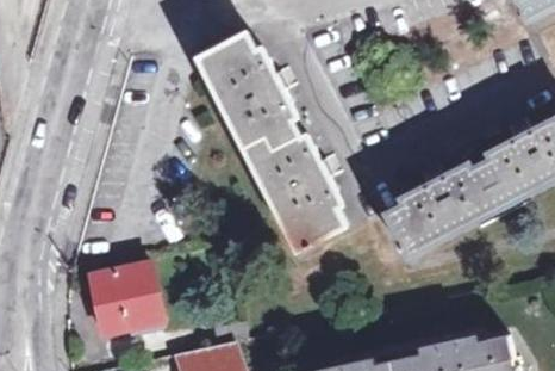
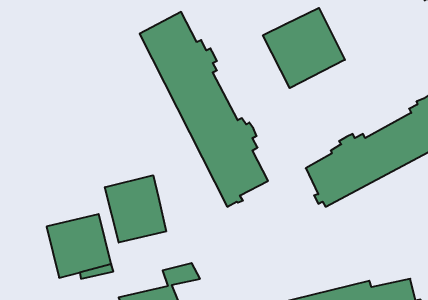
building: none -> [263,8,345,88]
building: none -> [105,175,166,243]

